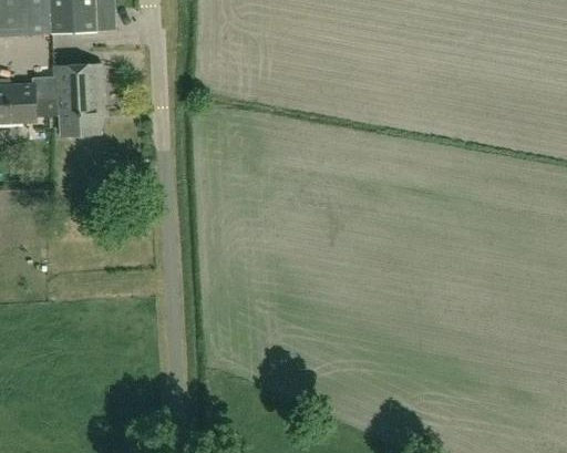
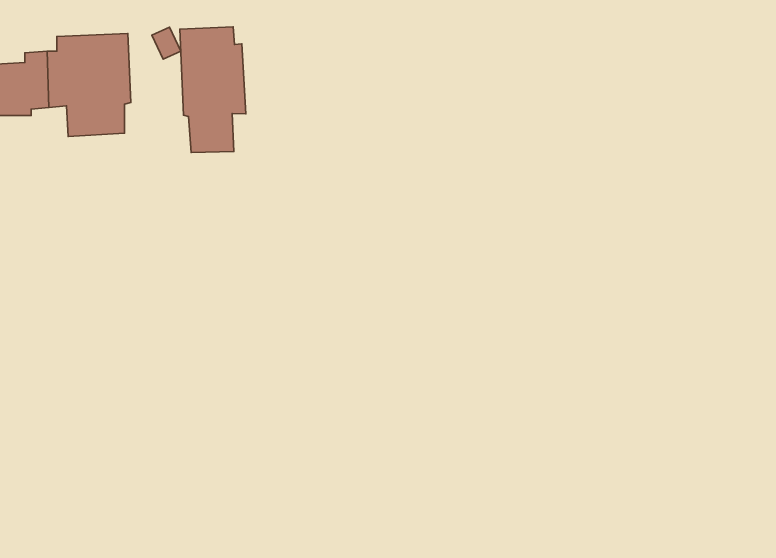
building: none -> [180,27,246,153]

